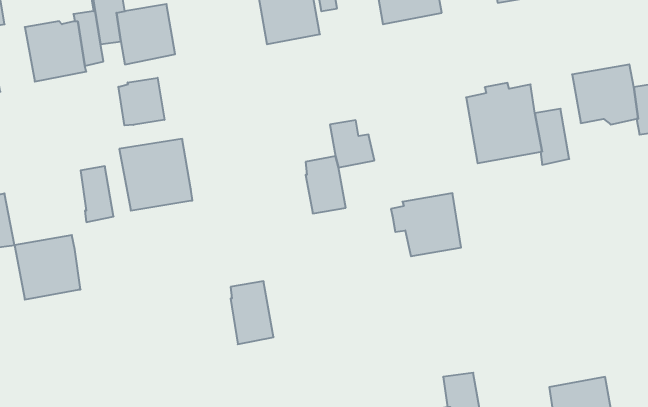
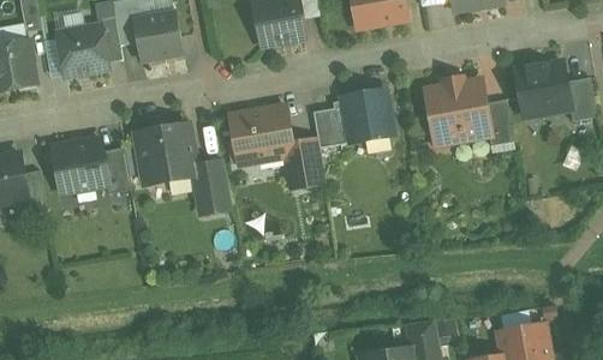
building: [118,78,164,125] -> none
building: none -> [231,106,293,163]
building: [391,193,461,256] -> [333,89,392,142]
building: [15,235,81,300] -> [53,138,108,192]
building: [231,281,274,344] -> [196,161,232,214]

